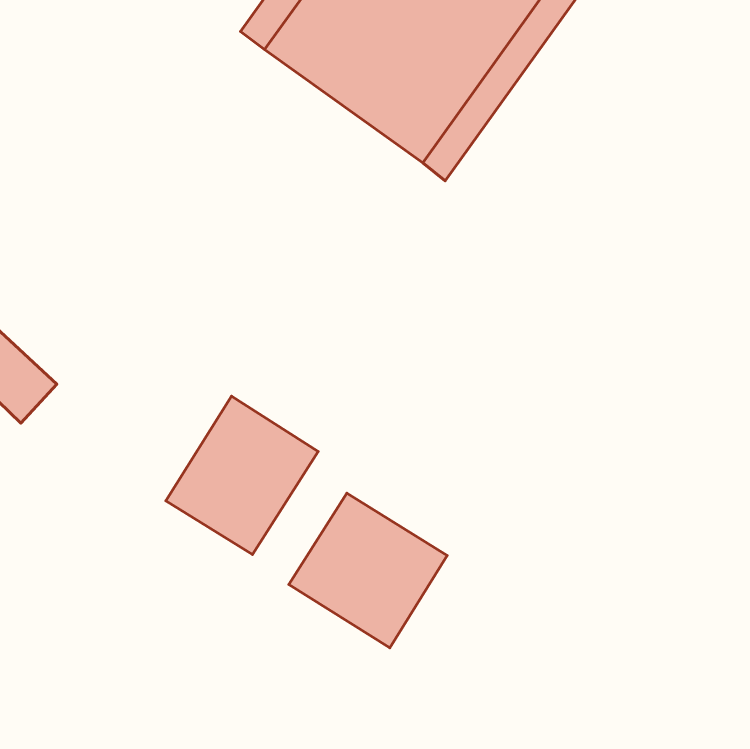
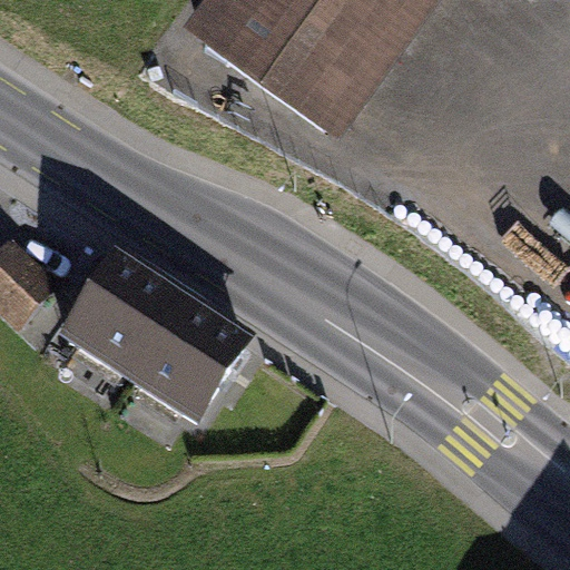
building: none -> [59,254,173,373]
building: [289,493,447,648] -> none

